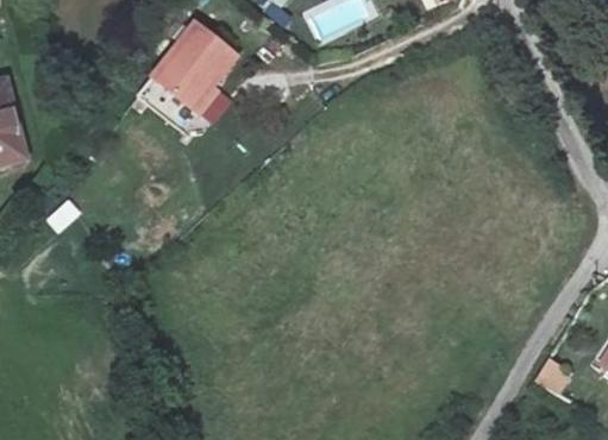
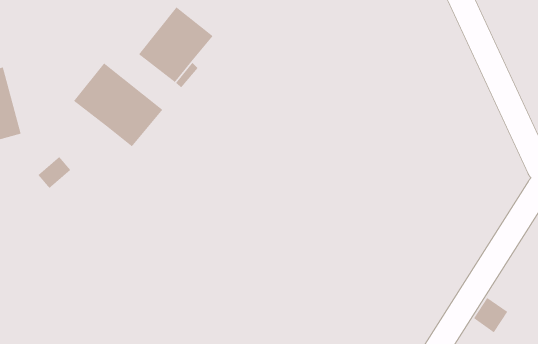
building: none -> [73,62,163,147]

